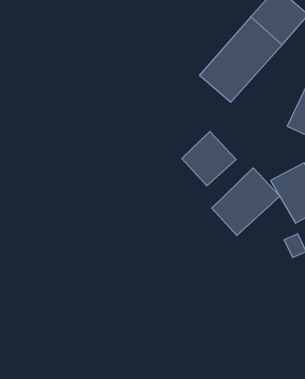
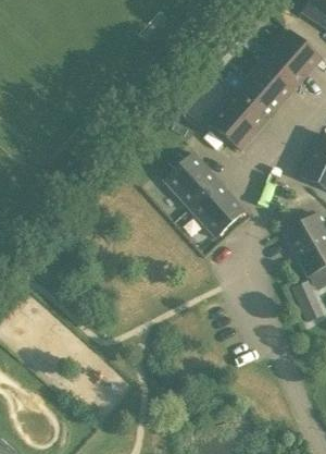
building: none -> [165,152,221,209]
building: [212,168,280,236] -> none

